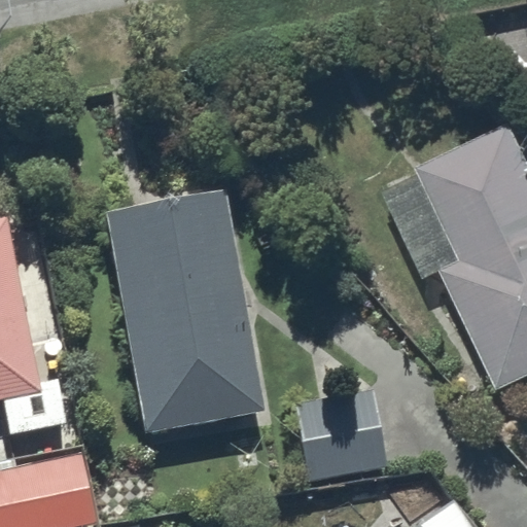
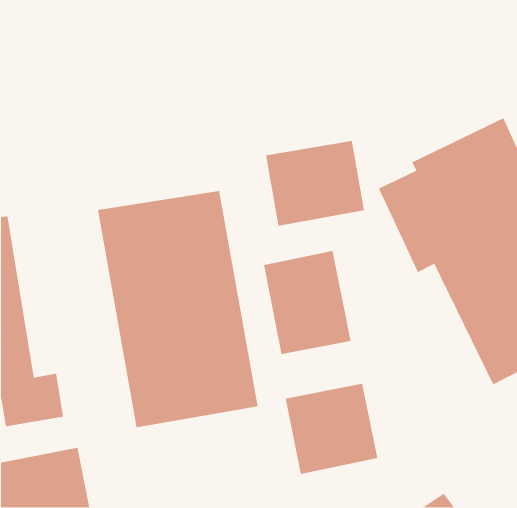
building: none -> [266,140,364,226]
building: none -> [263,250,351,355]

